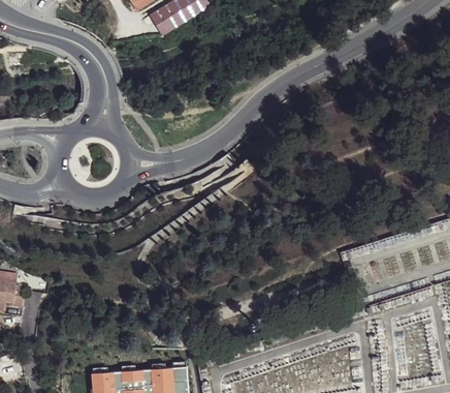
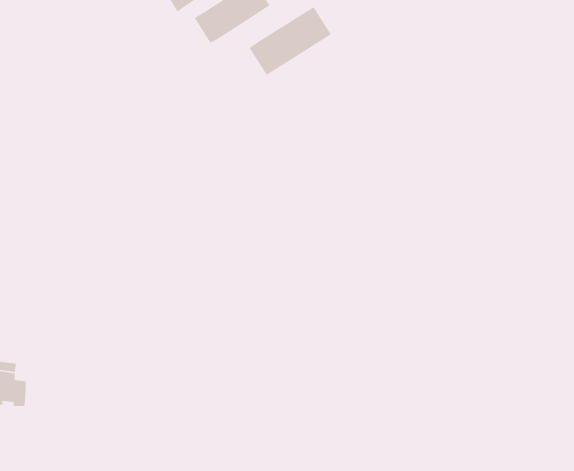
building: none -> [248,6,332,76]

